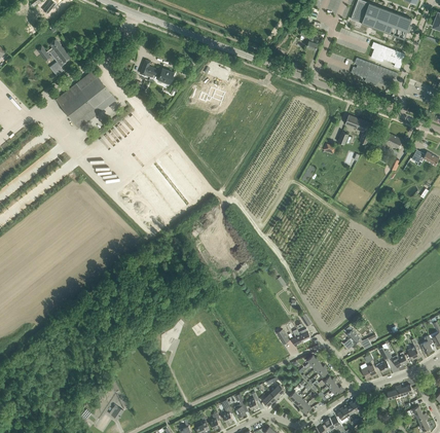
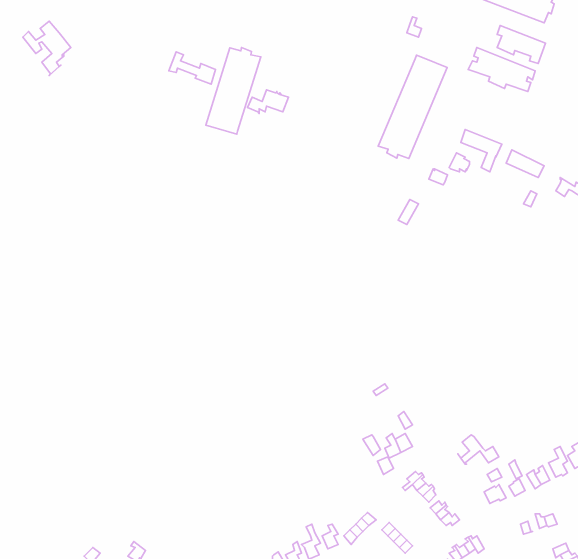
building: none -> [206,48,261,134]
building: none -> [378,55,447,159]
building: [56,71,115,129] -> none

